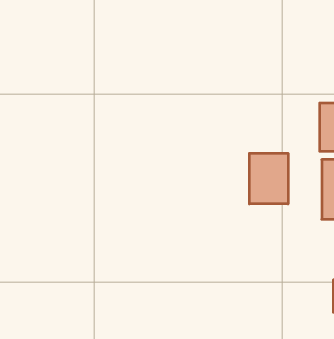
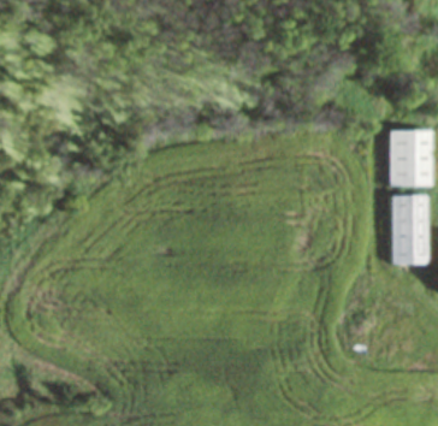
building: [249,153,288,204] -> none

